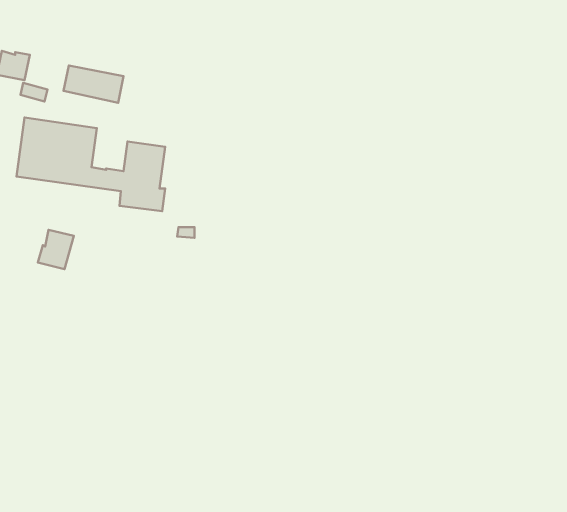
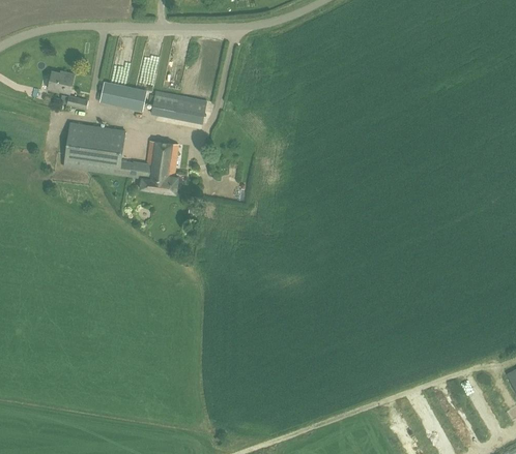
building: none -> [150,90,206,123]
building: [38,230,74,269] -> none

